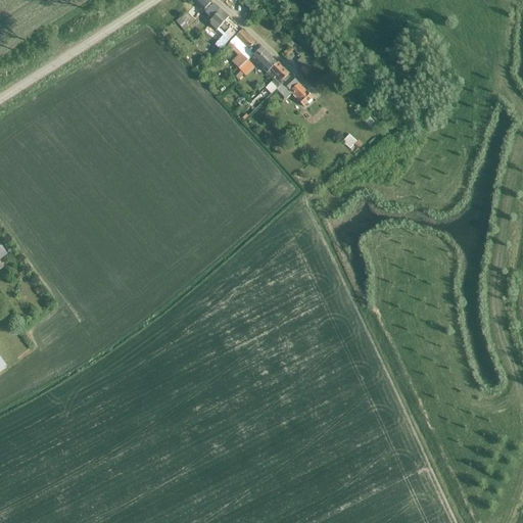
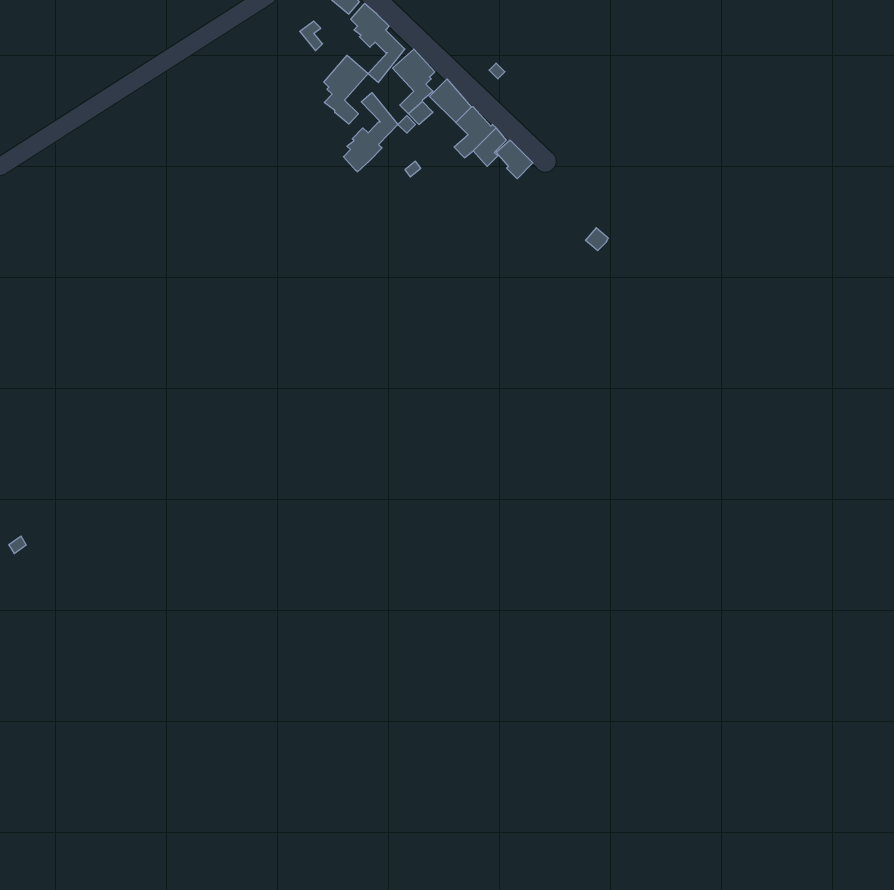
building: none -> [324,55,368,124]
building: none -> [343,93,398,172]

